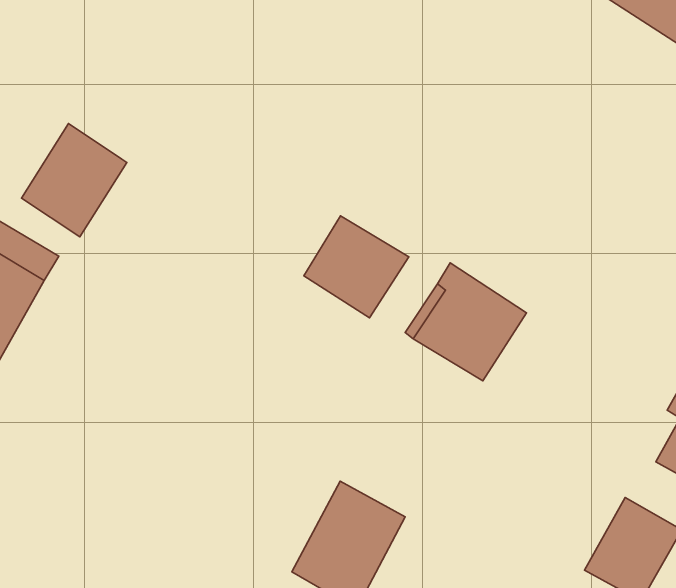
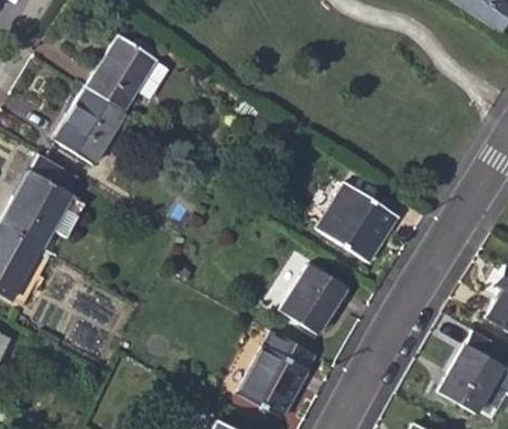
building: none -> [87,35,156,111]
building: [304,216,409,318] -> none
building: none -> [280,265,347,333]

